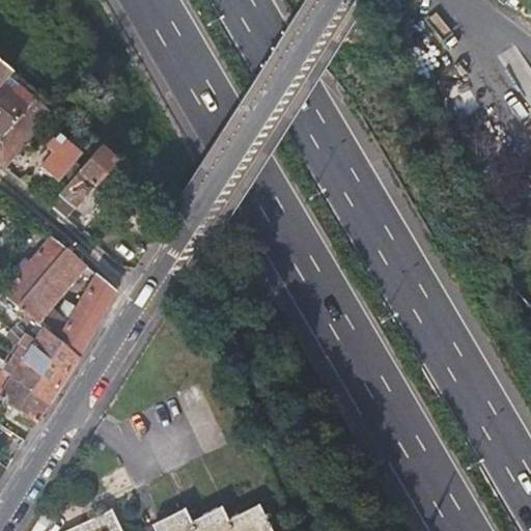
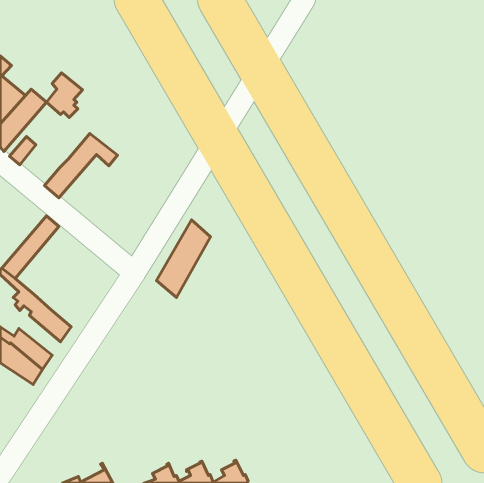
building: [40,135,80,184] -> [46,73,82,117]
building: [17,248,84,323] -> none
building: [56,273,115,358] -> [156,220,210,297]
building: [19,335,66,389] -> none

